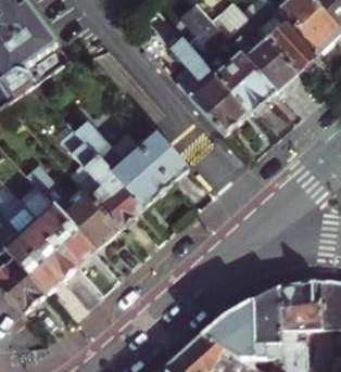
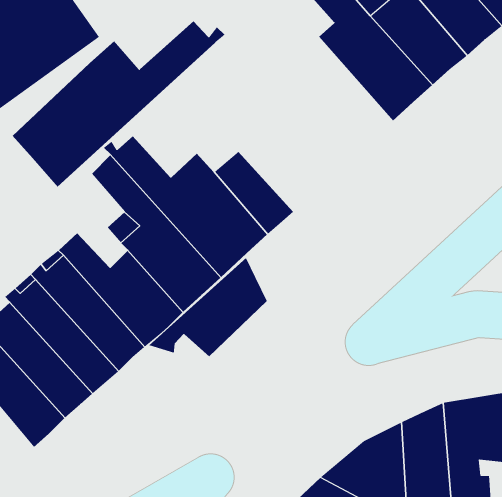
building: [175,42,249,133] -> none
building: none -> [12,20,226,187]
building: none -> [148,257,267,357]

